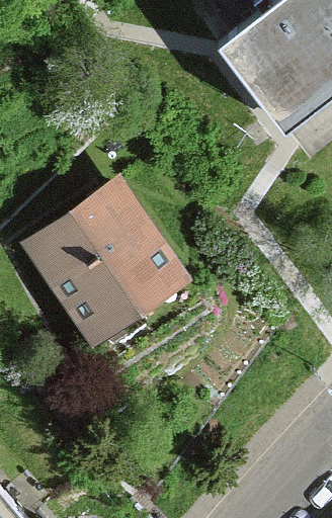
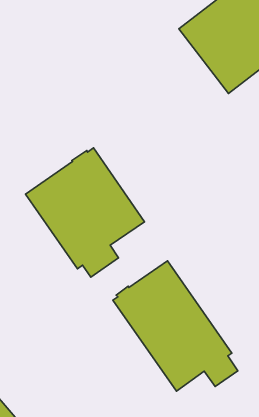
building: none -> [113,261,238,391]

